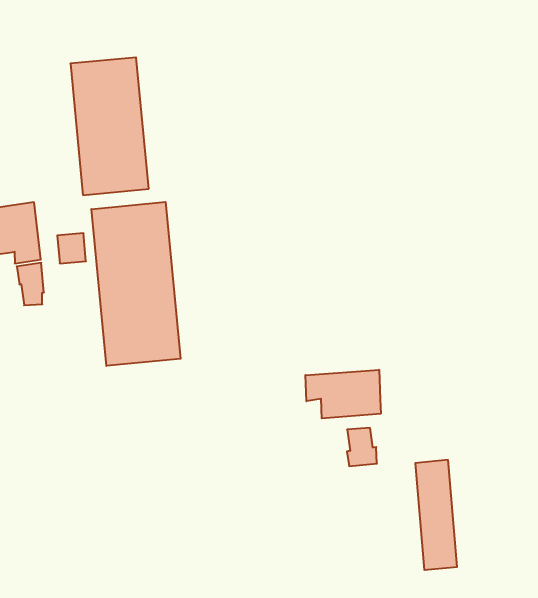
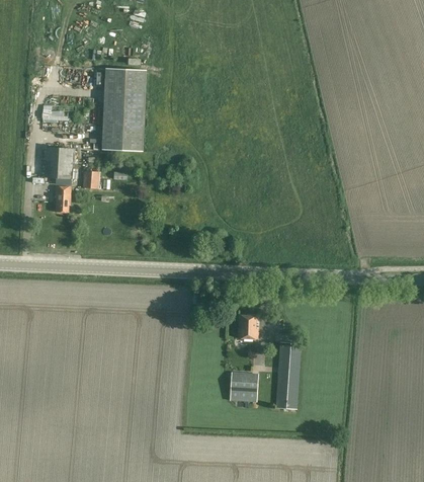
building: [91,202,181,366] -> none
building: [305,370,381,418] -> none
building: none -> [230,373,258,402]

